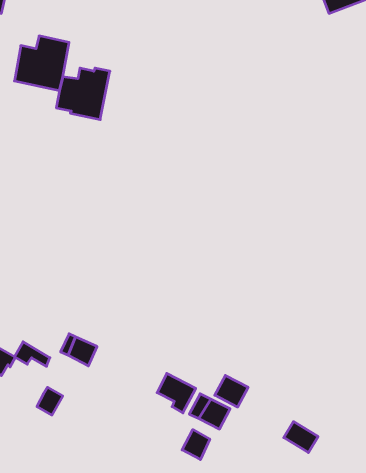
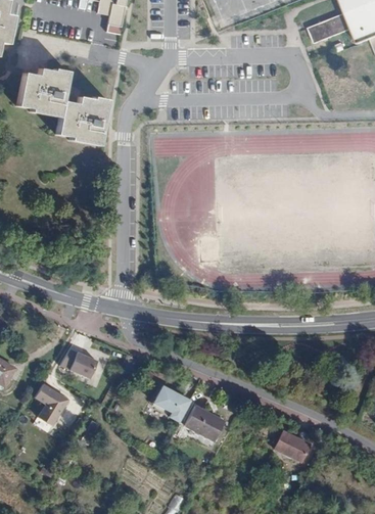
building: [14,342,50,366] -> [34,383,67,407]
building: [215,375,248,407] -> none
building: [182,430,210,460] -> none

